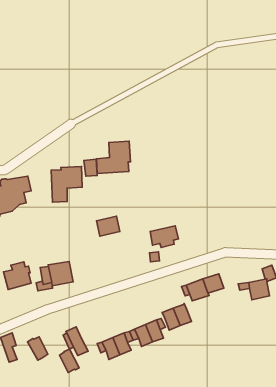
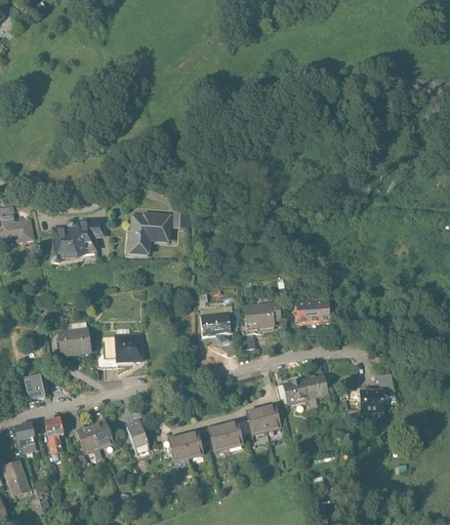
building: [96,141,130,174] -> none
building: [96,216,120,236] -> [201,315,229,337]
building: none -> [295,302,328,327]
building: [60,349,79,372] -> [92,417,115,446]

